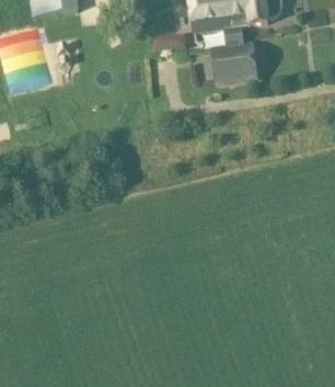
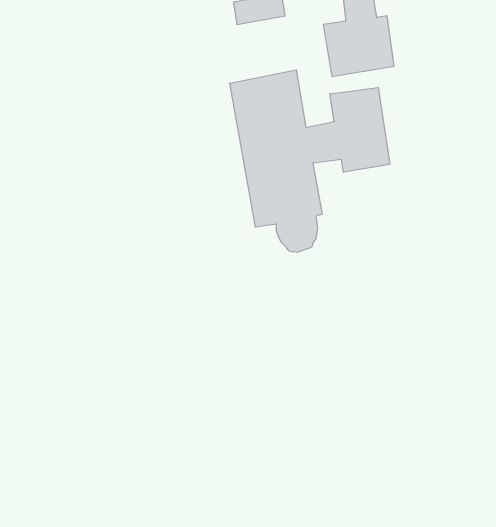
building: none -> [230,70,390,252]

